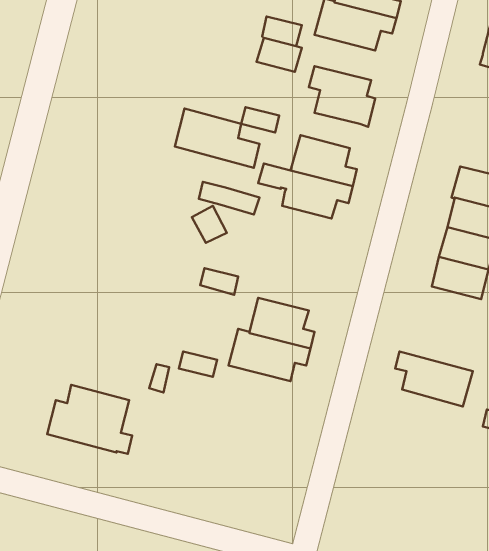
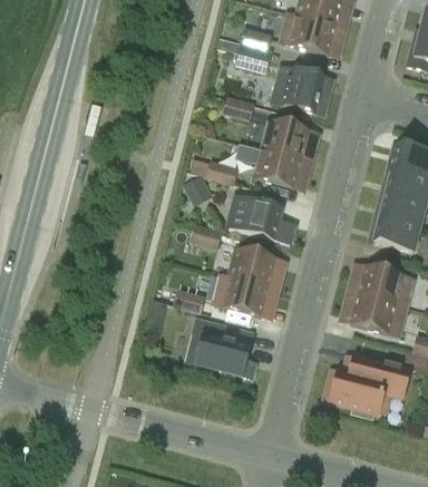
building: [175,108,259,168] -> [227,195,294,242]
building: none -> [348,265,412,306]
building: [47,385,132,454] -> [187,321,254,376]
building: none -> [329,355,410,417]

